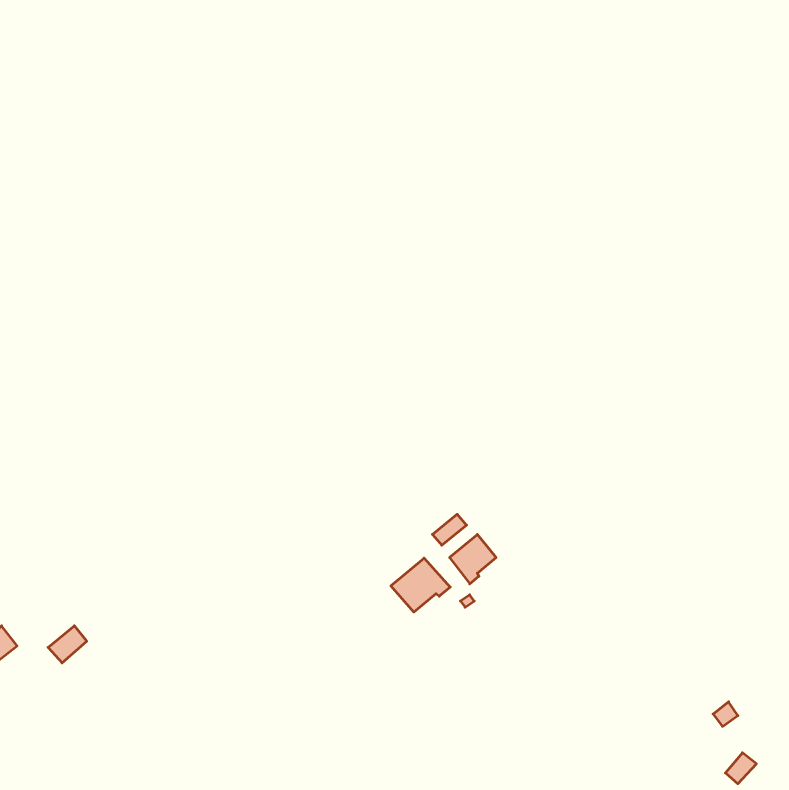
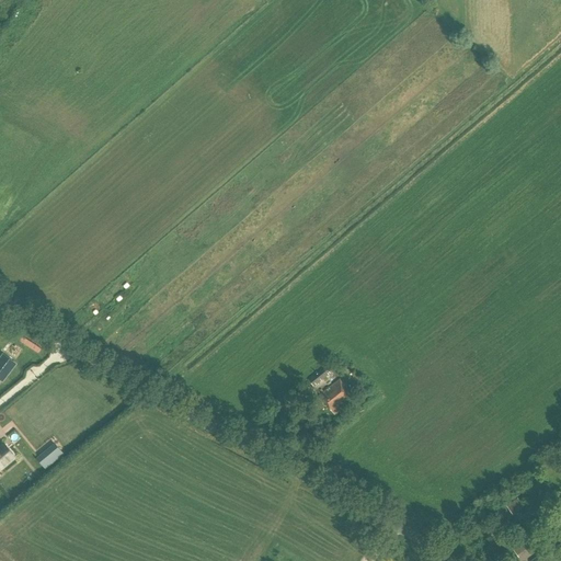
building: [391,558,450,612] -> none

